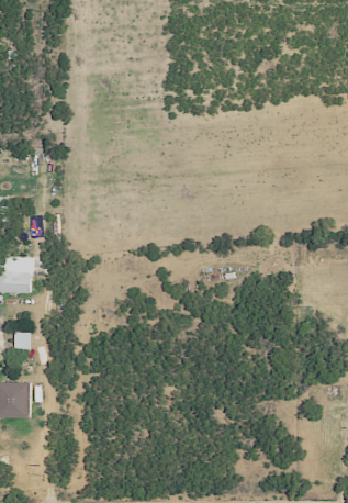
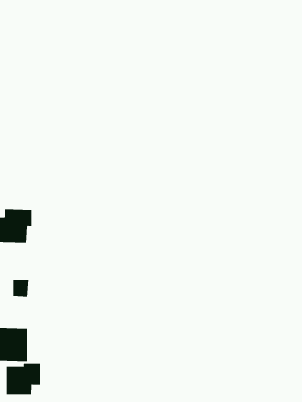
building: none -> [6,363,40,395]

